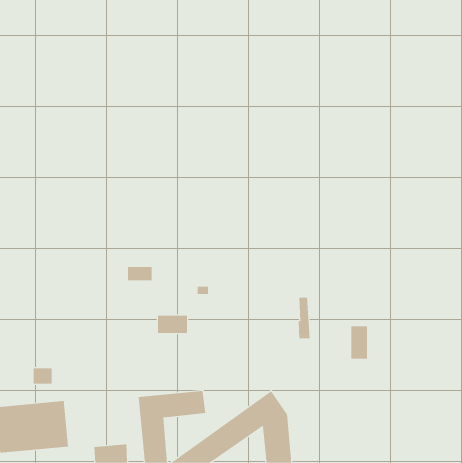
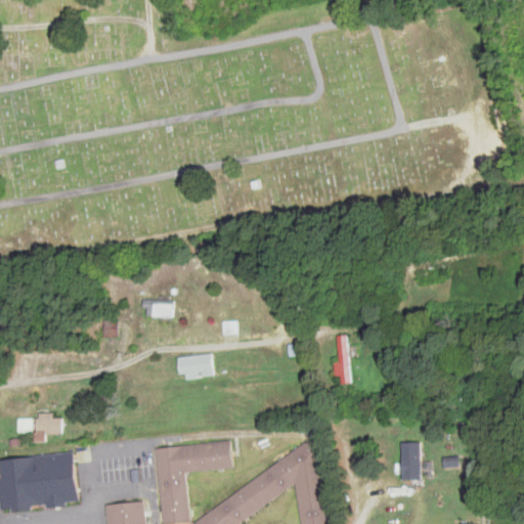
building: [351,326,368,359] -> [400,442,420,480]

